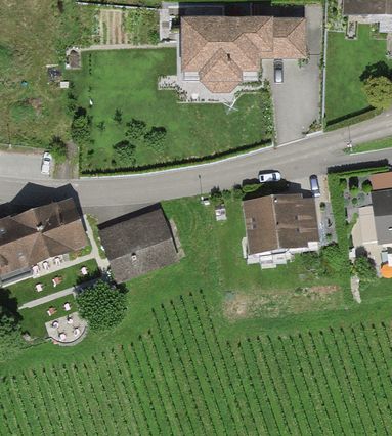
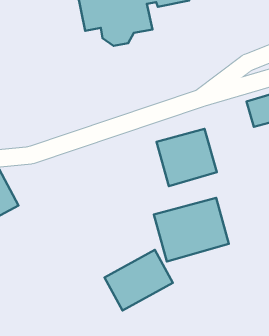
building: [101,211,174,270] -> [104,250,173,310]
building: none -> [154,198,229,261]

